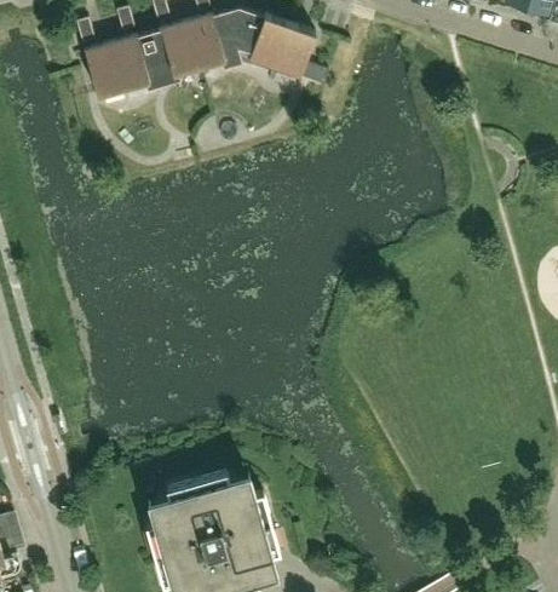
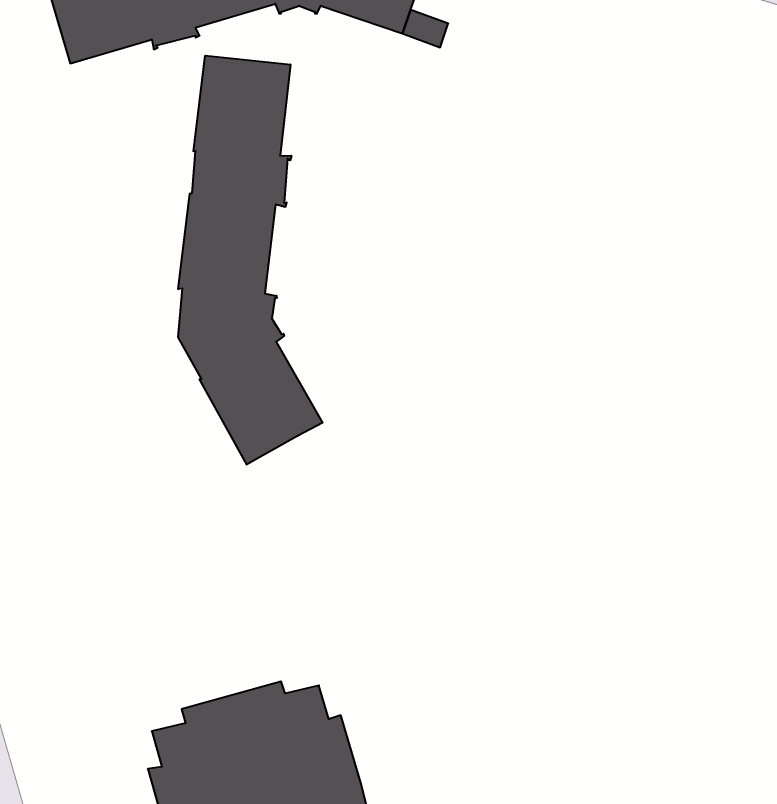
building: none -> [178,56,323,465]

